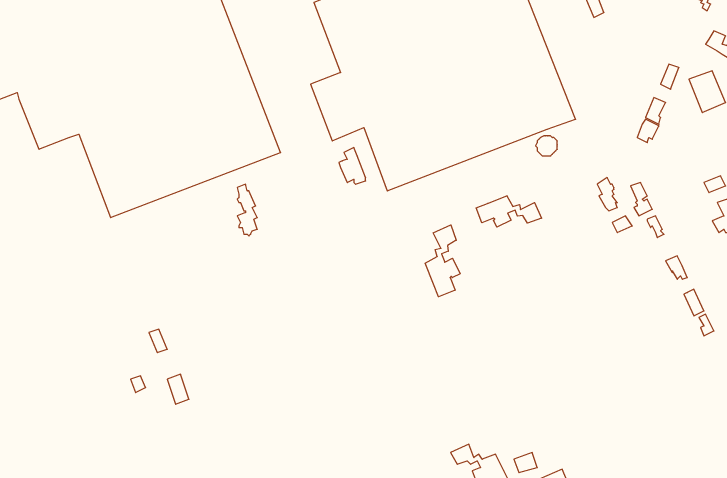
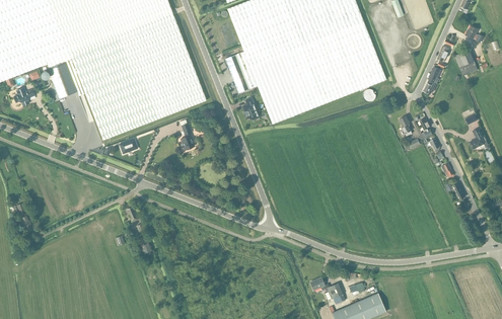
building: [476,196,542,227] -> none
building: [425,225,460,297] -> none

